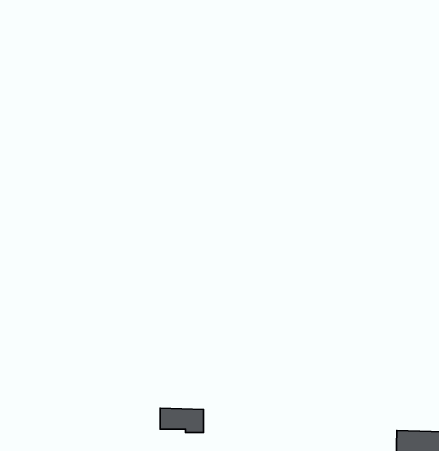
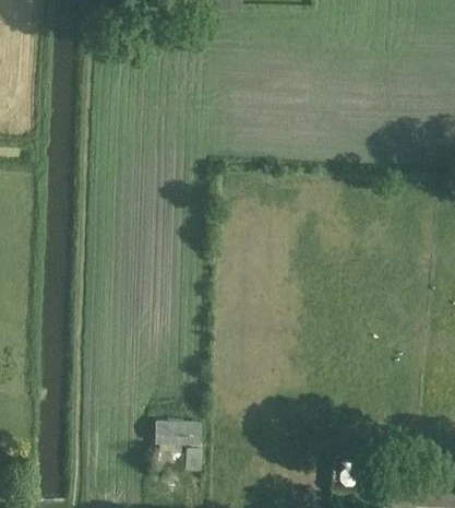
building: none -> [155,420,200,442]

